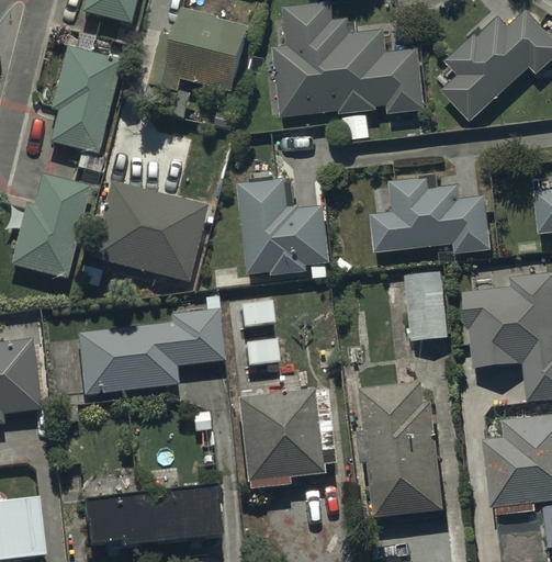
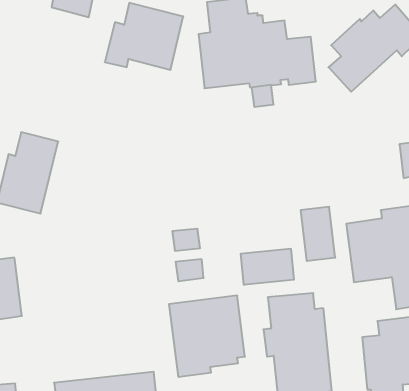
building: [48,44,122,156] -> none
building: [370,176,492,254] -> none
building: [237,177,331,276] -> none
building: [90,181,206,281] -> none
building: [76,310,223,396] -> none
building: none -> [241,249,294,285]

